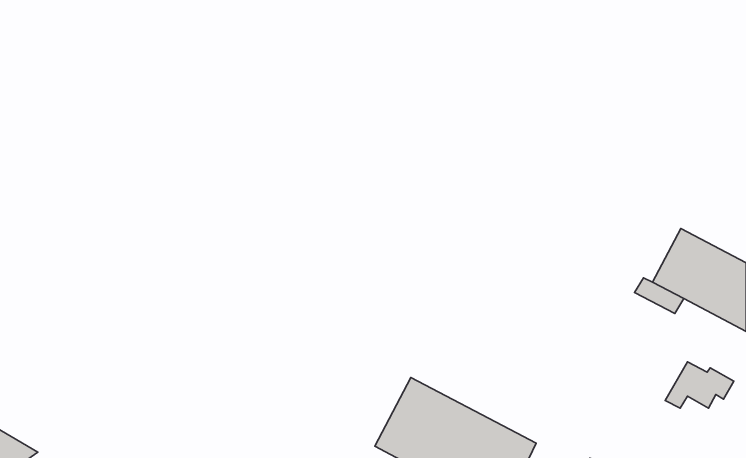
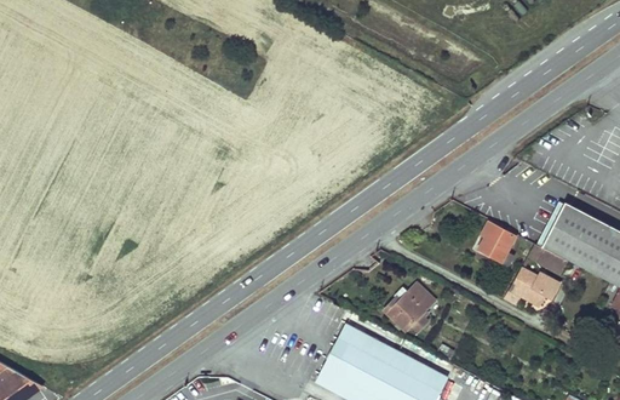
building: none -> [480,222,517,265]
building: none -> [385,284,435,331]
building: [665,362,734,408] -> [505,268,561,305]

